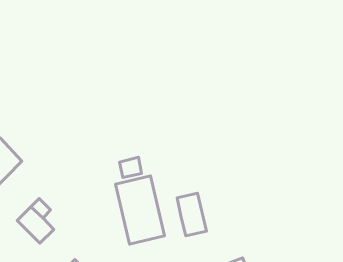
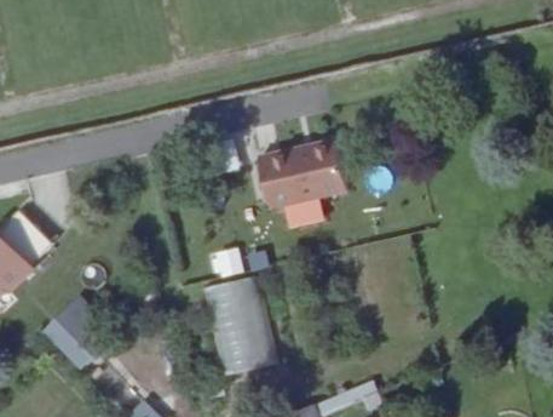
building: none -> [258,143,344,210]
building: [177,193,206,236] -> none

